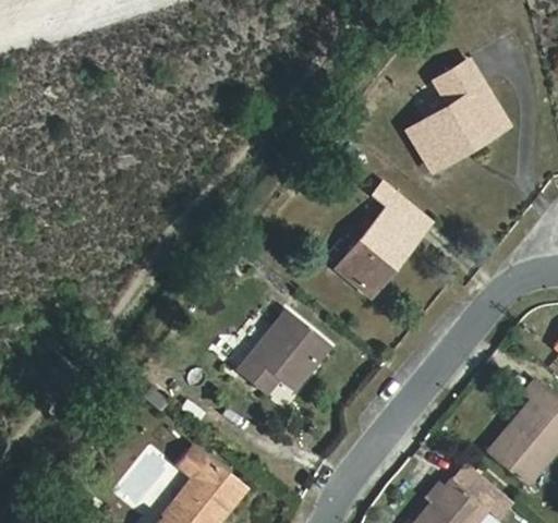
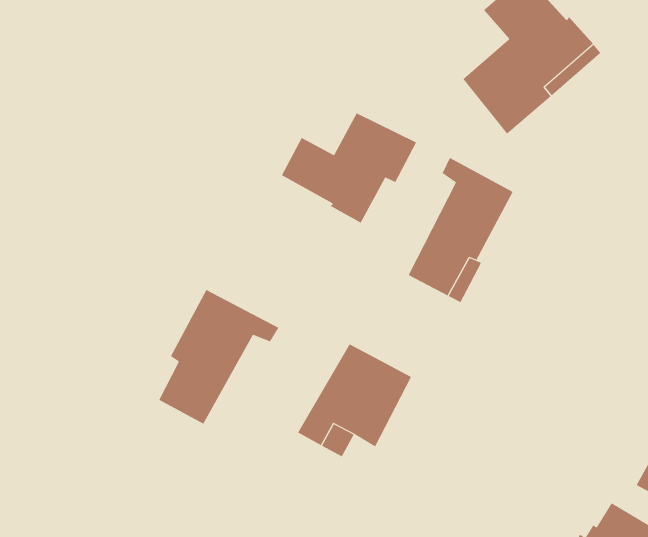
building: none -> [281,112,417,223]
building: none -> [159,289,279,425]

